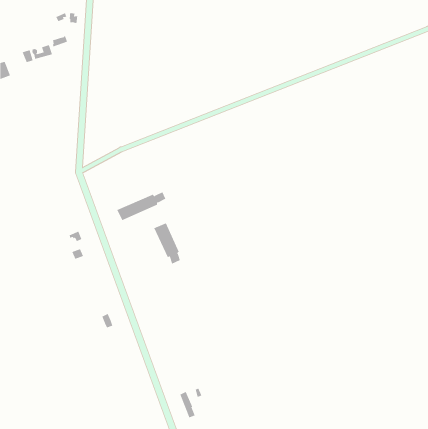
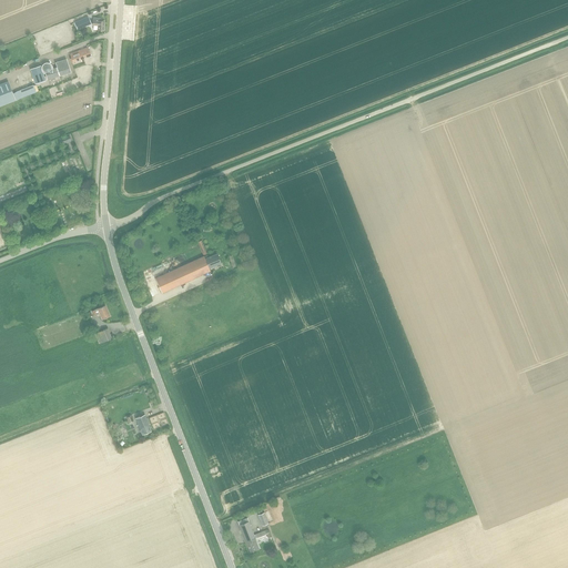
building: [154,222,181,264] -> none

